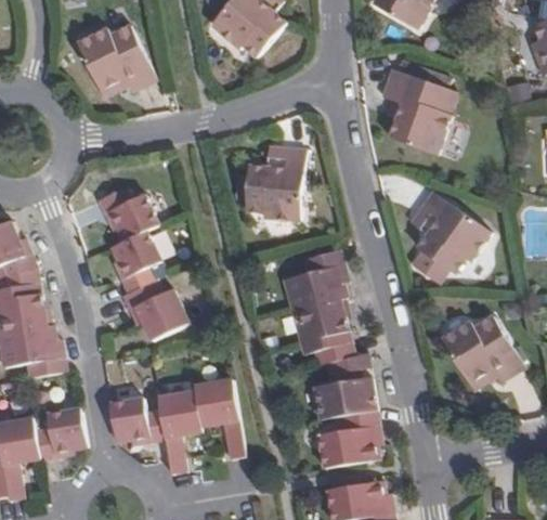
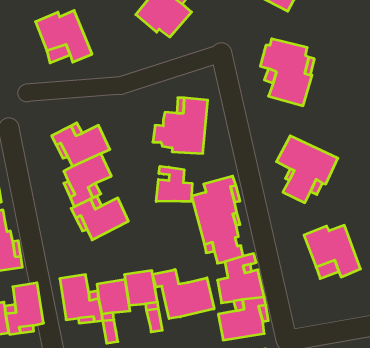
building: none -> [156,166,192,202]
building: none -> [153,269,214,319]

